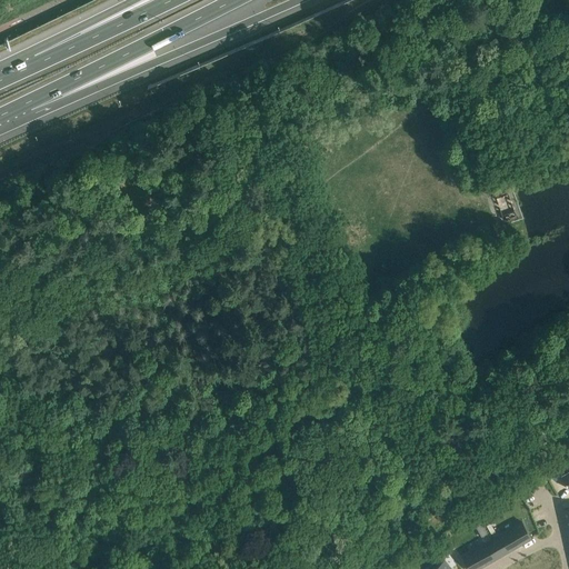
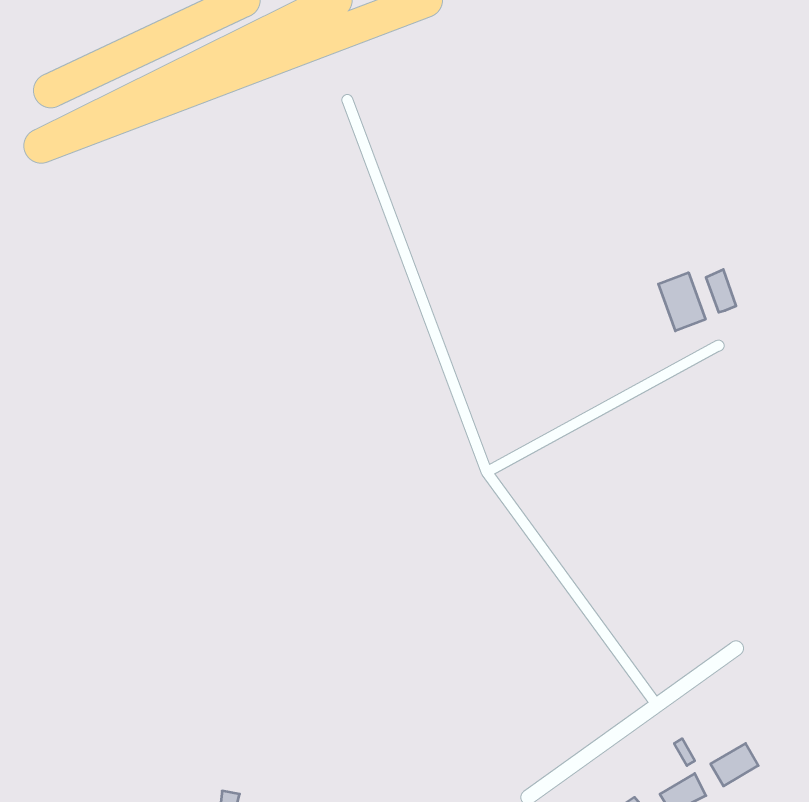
building: none -> [658,273,705,331]

